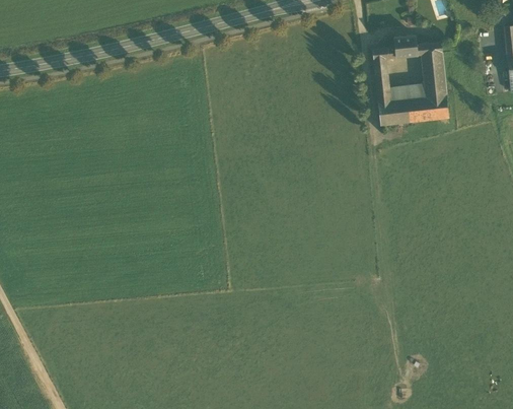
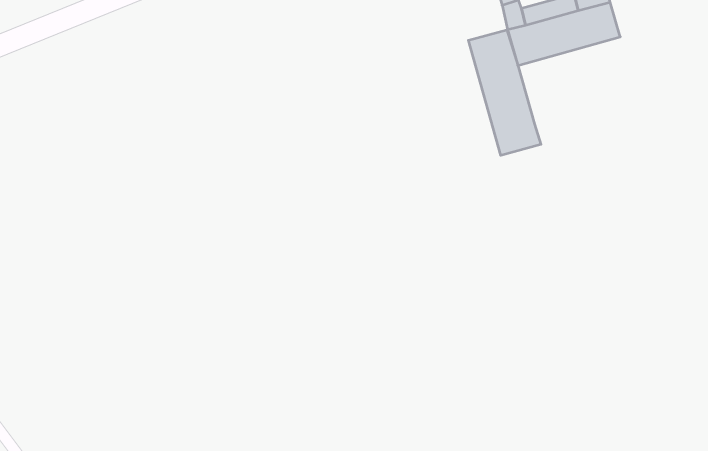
building: none -> [468,30,541,155]

